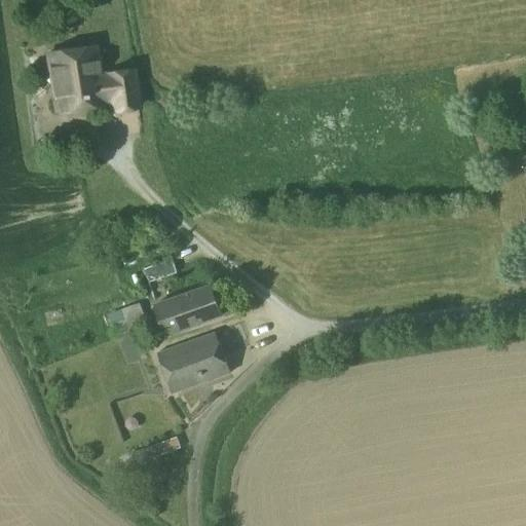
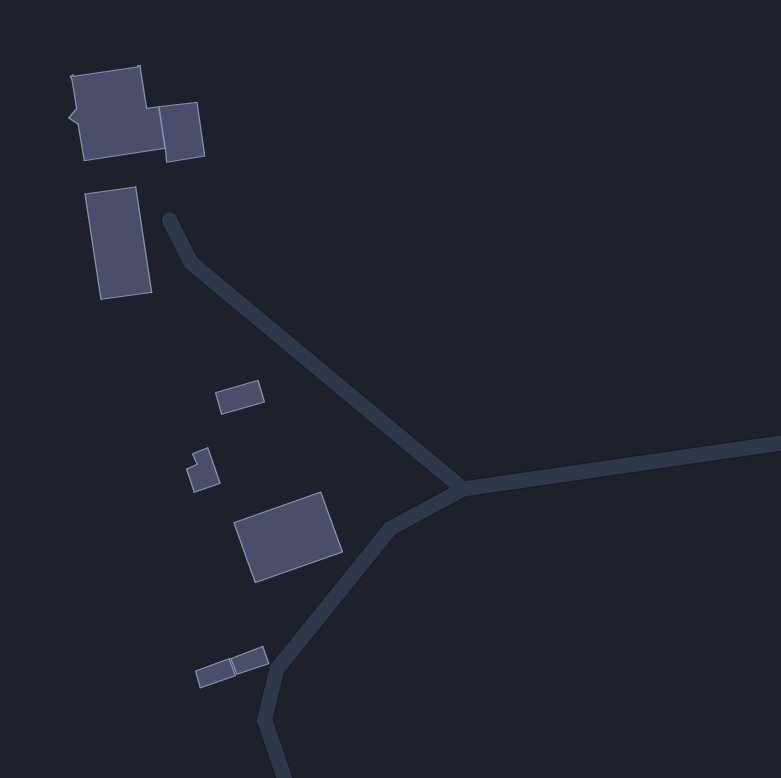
building: none -> [85,187,152,300]
building: [155,284,222,333] -> none

